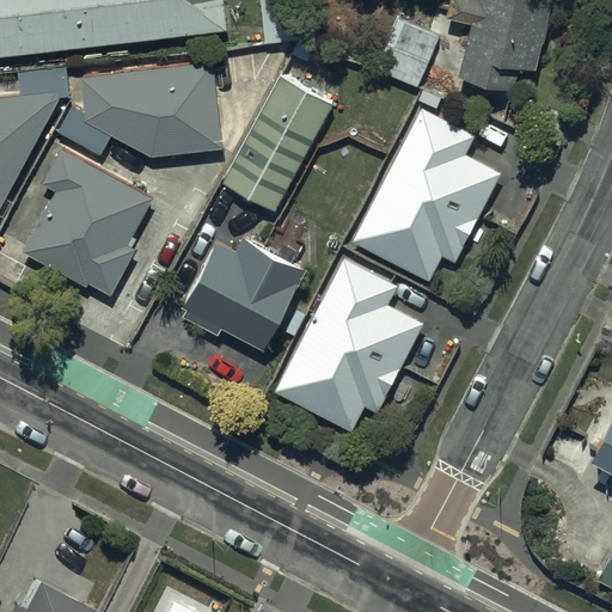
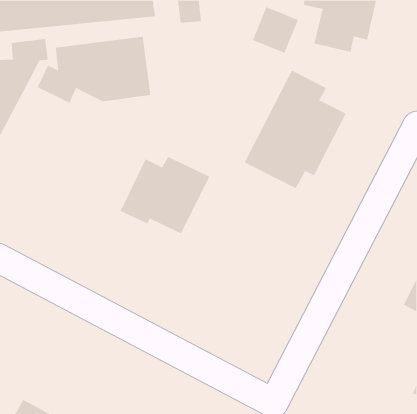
building: [220,74,331,210] -> none
building: [23,148,153,298] -> none
building: [277,261,428,433] -> none

